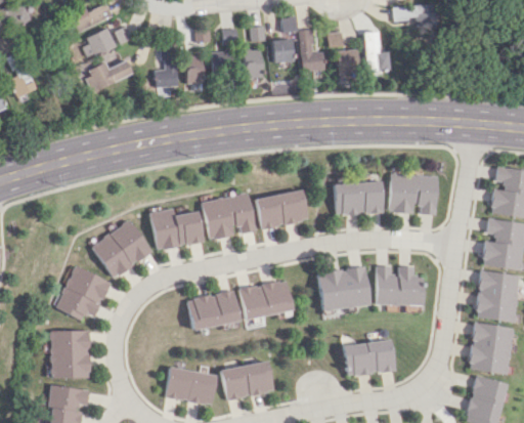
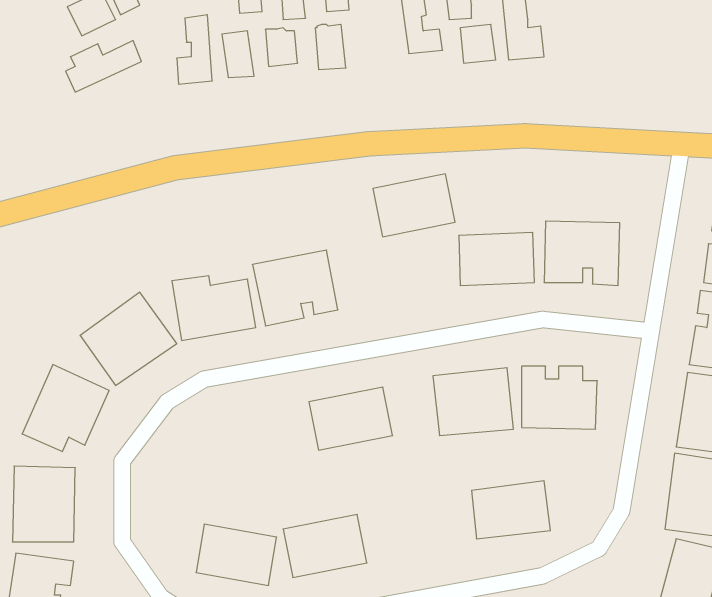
building: [273,40,294,62] -> none
building: [258,189,310,229] -> [373,174,455,237]
building: [189,290,242,331] -> none

